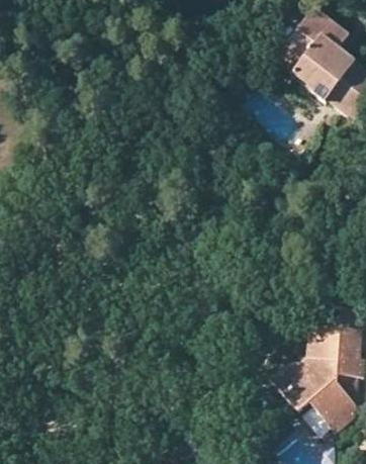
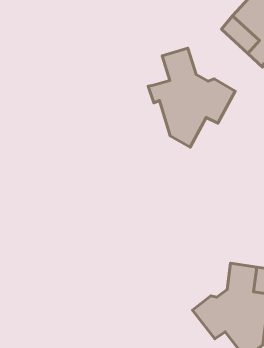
building: none -> [148,48,235,147]

